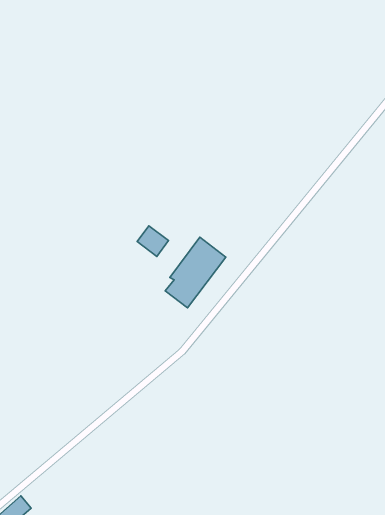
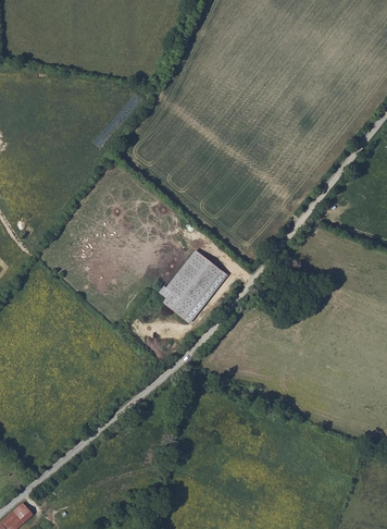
building: [137,226,168,256] -> none

